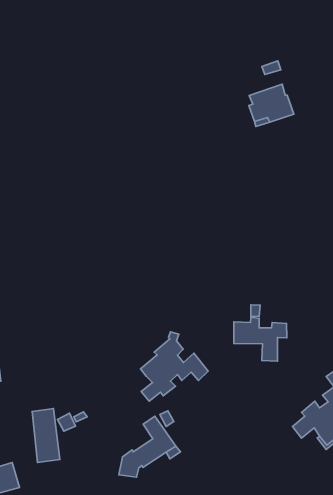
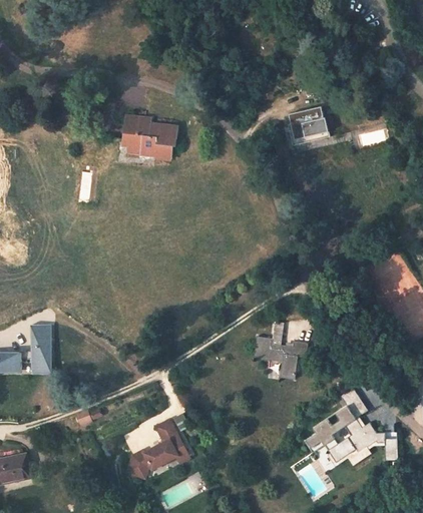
building: none -> [122,115,178,159]
building: [140,332,208,401] -> none
building: [32,409,60,462] -> [30,324,53,375]

